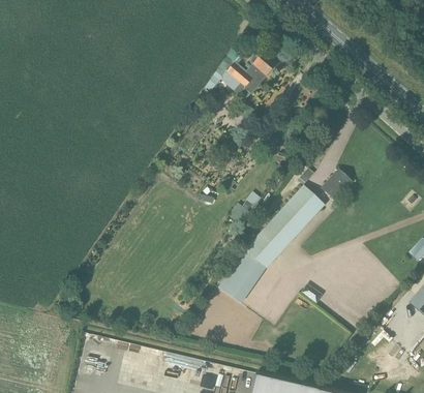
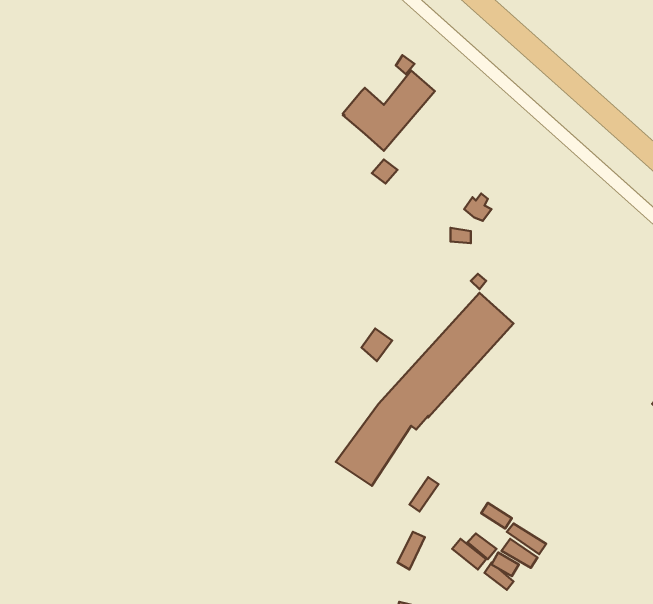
building: [322,170,350,200] -> none

